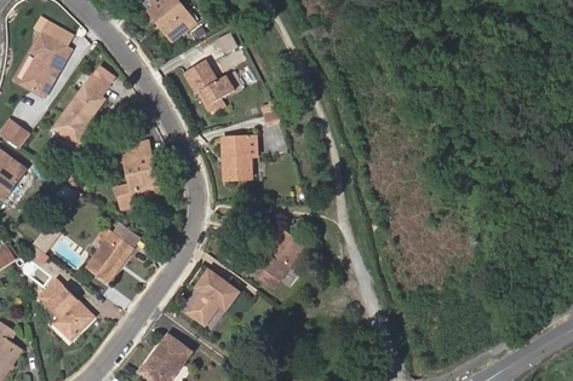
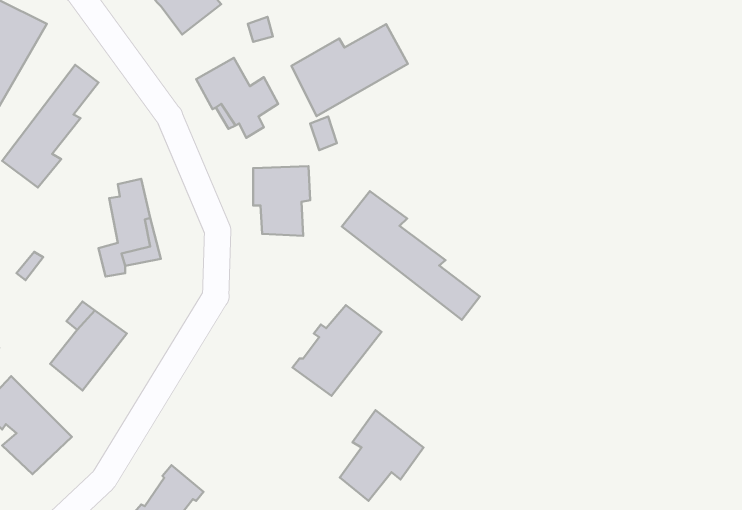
building: none -> [292,24,408,116]
building: none -> [342,191,480,320]
building: [187,266,243,328] -> [340,410,424,501]

